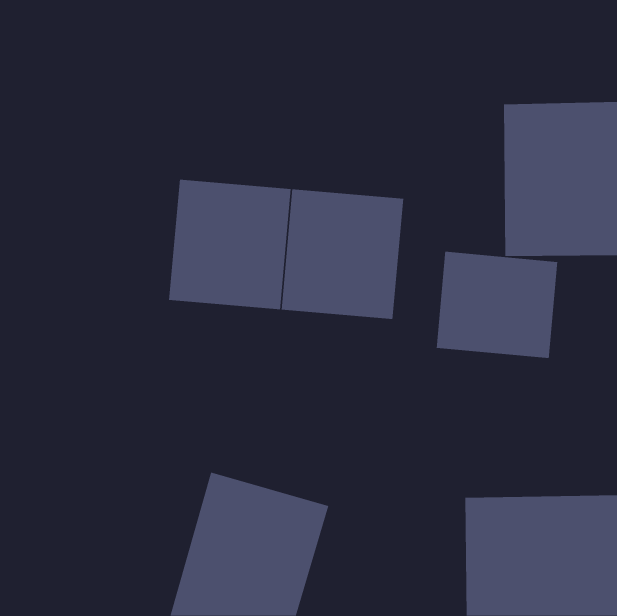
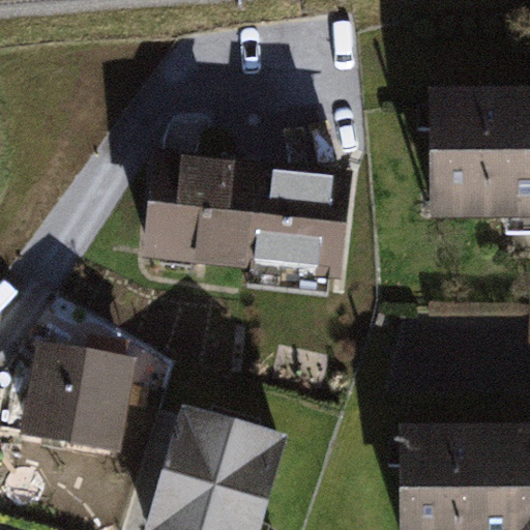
building: [436,251,558,359] -> none
building: none -> [21,345,127,454]

